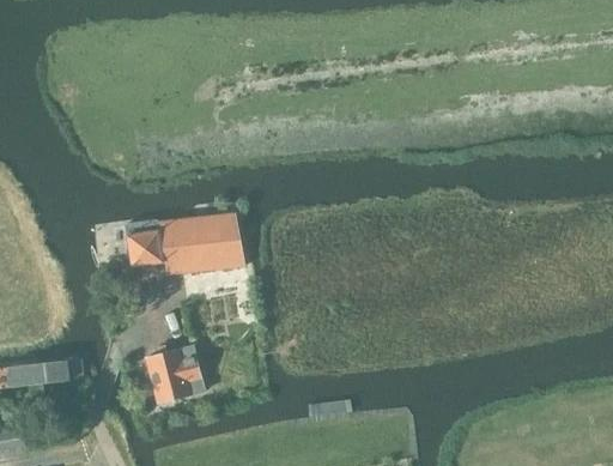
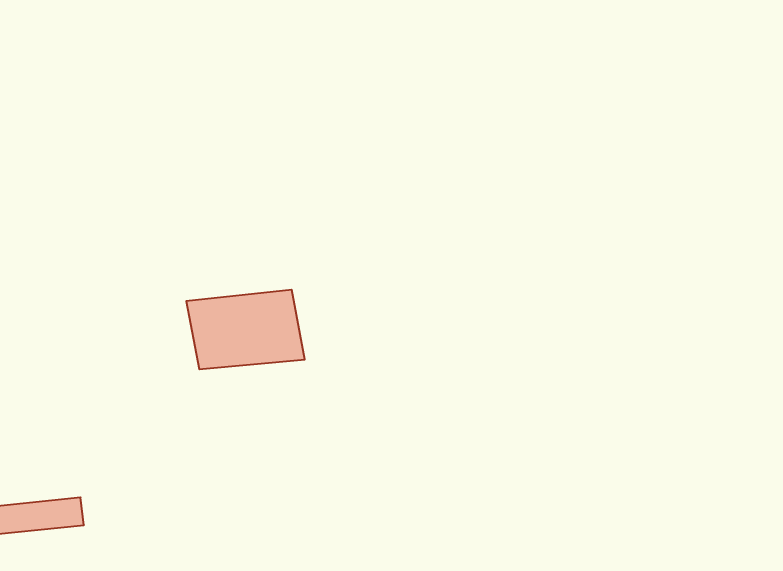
building: [125,220,160,266] -> none
building: [145,345,200,404] -> none

